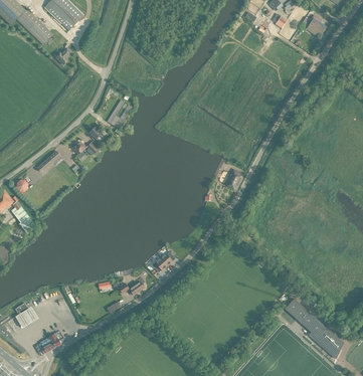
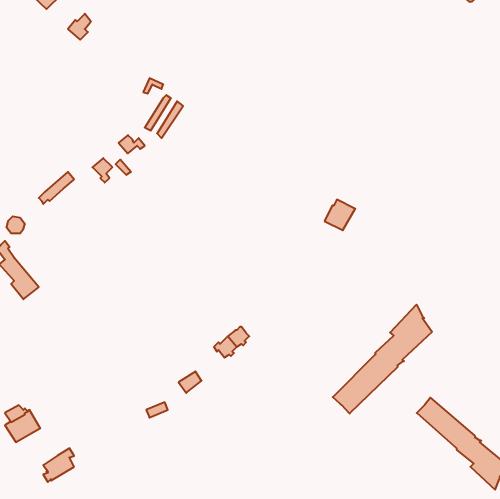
building: none -> [333,305,432,414]

